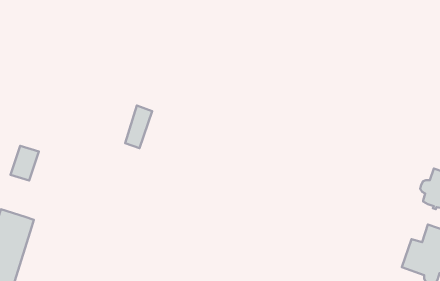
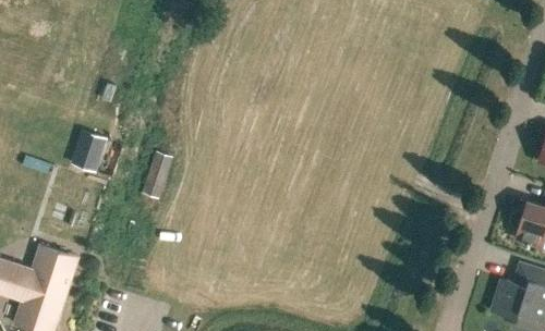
building: [125,105,152,148] -> [142,151,172,199]
building: [11,146,39,181] -> [74,133,106,172]

